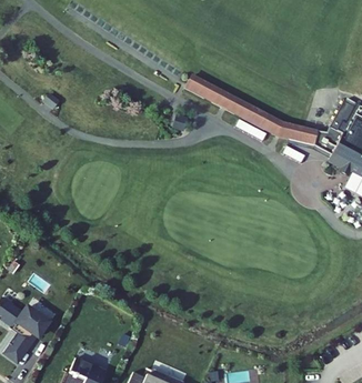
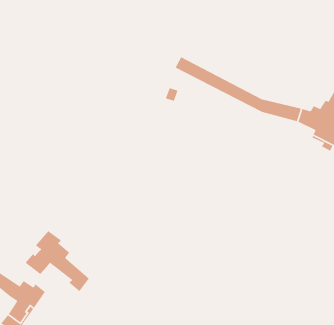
building: none -> [24,230,90,292]

